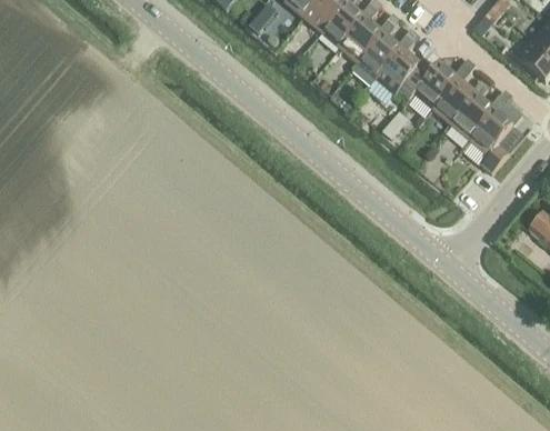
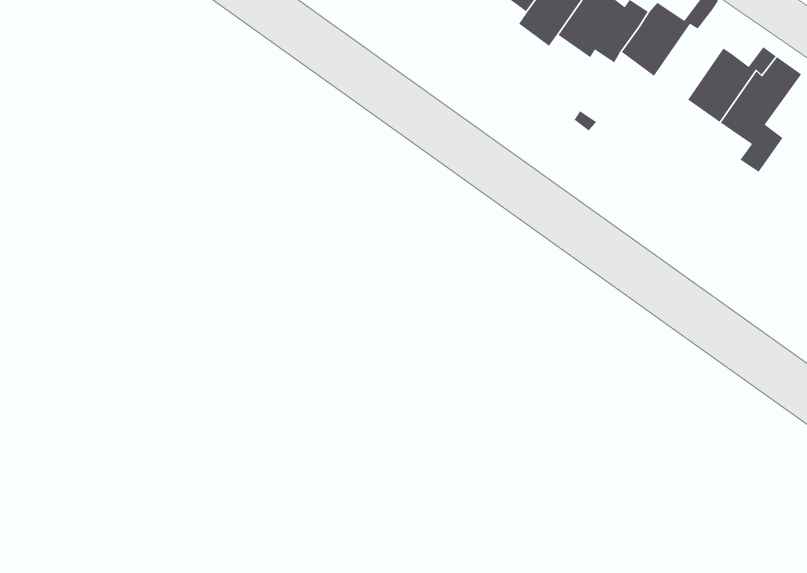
building: [433,79,490,124] -> none

